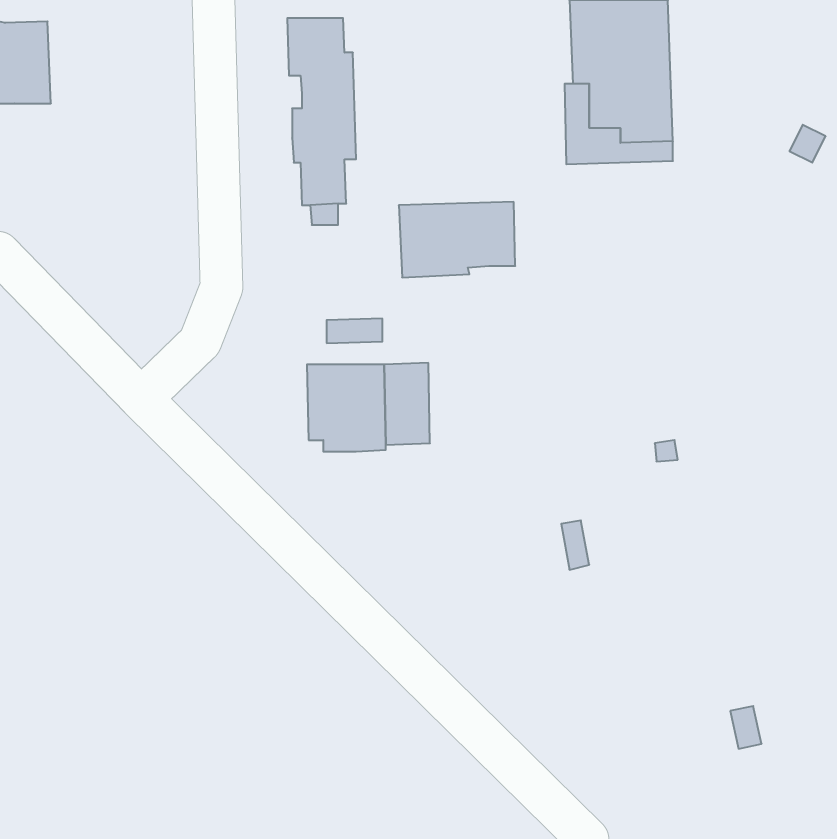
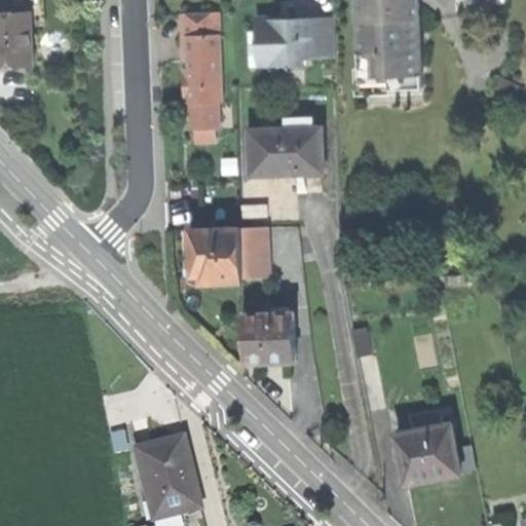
building: none -> [256,16,334,66]
building: none -> [243,307,295,363]
building: none -> [396,406,460,483]
building: none -> [137,439,200,517]

